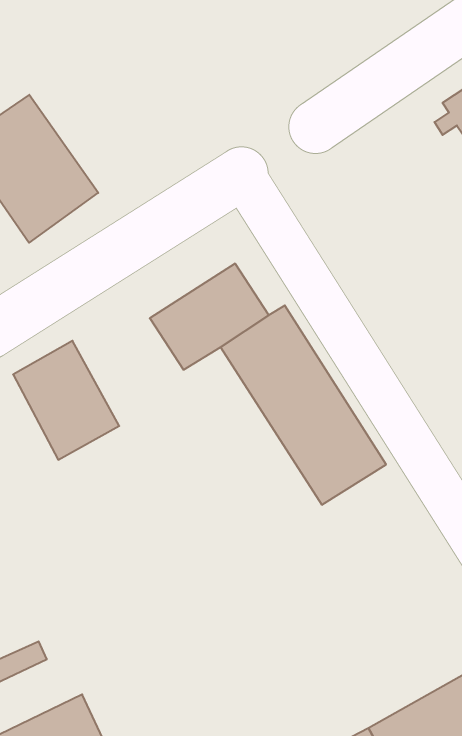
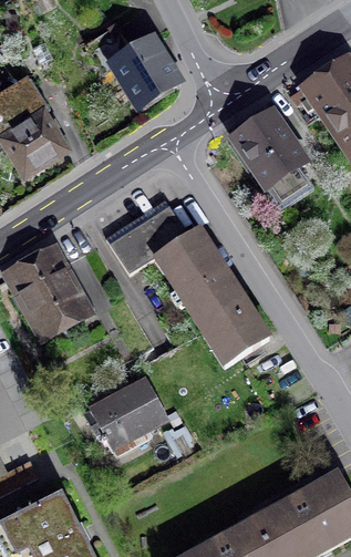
building: none -> [103,37,183,115]
building: none -> [234,110,309,204]
building: none -> [90,377,168,446]

